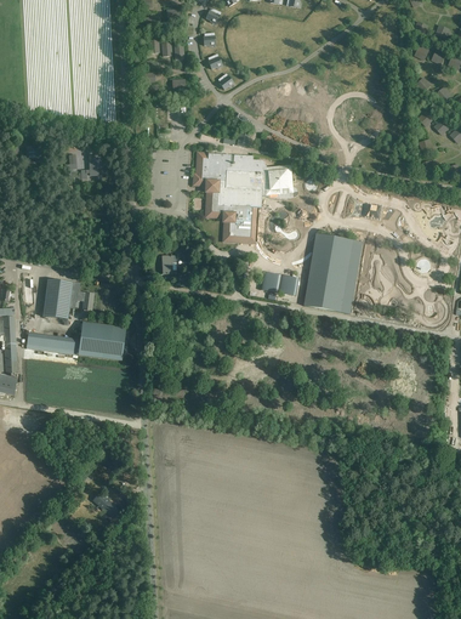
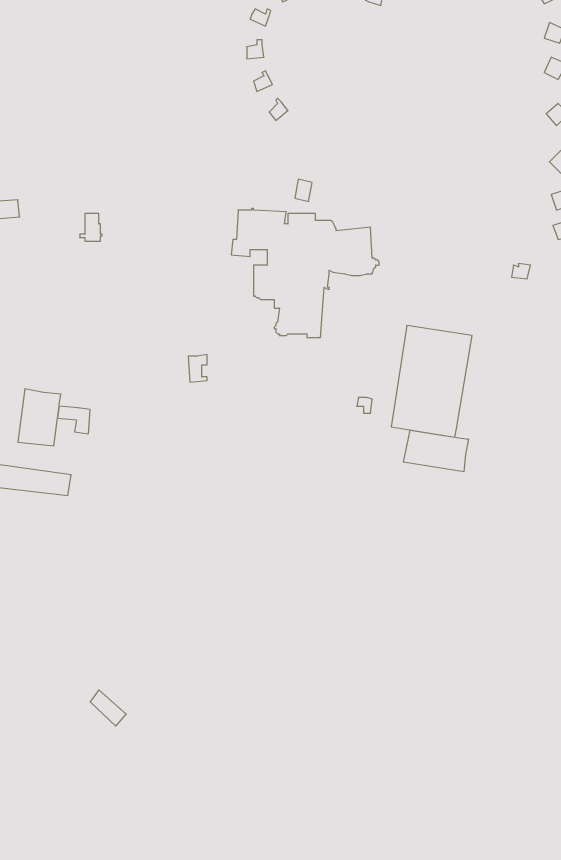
building: none -> [404,430,469,472]
building: [76,322,125,360] -> none

